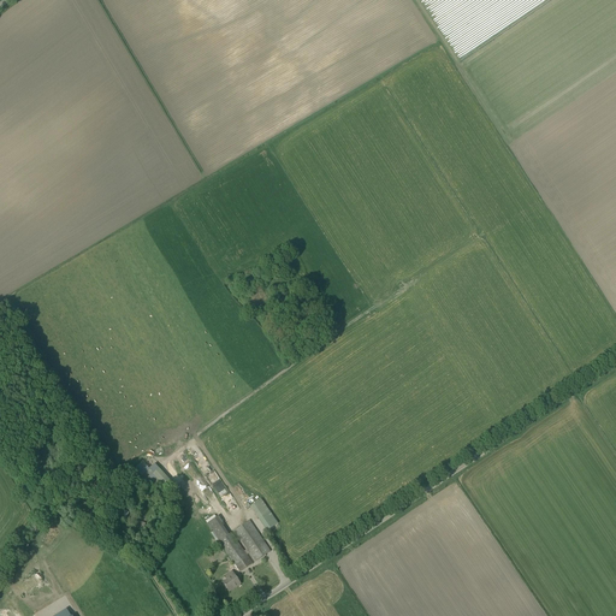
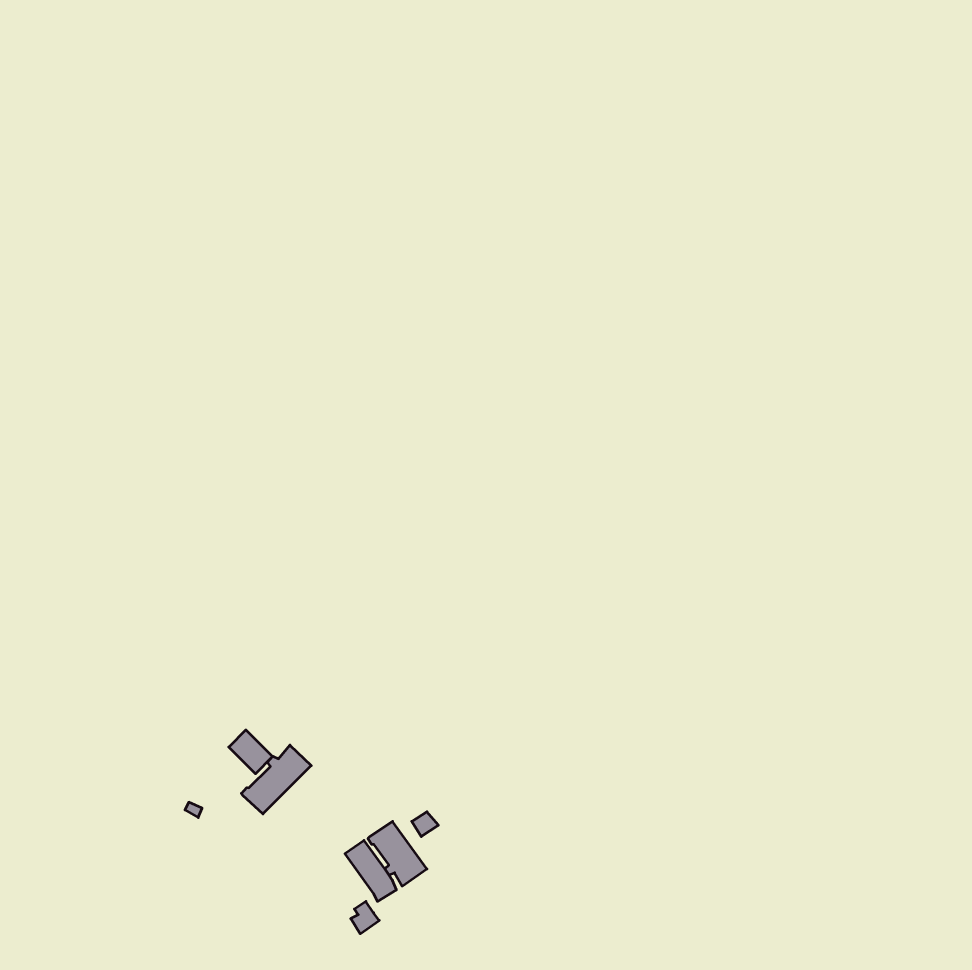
building: none -> [241,745,311,814]

